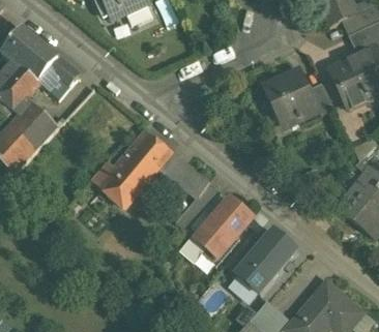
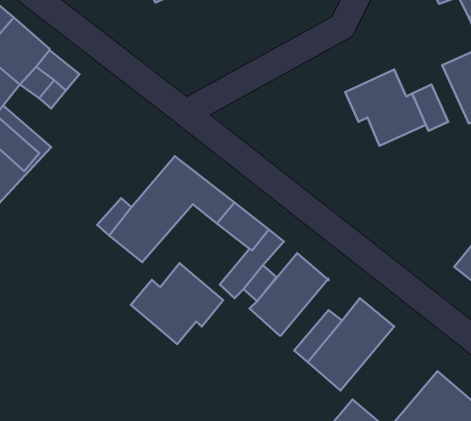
building: none -> [131,263,223,344]

